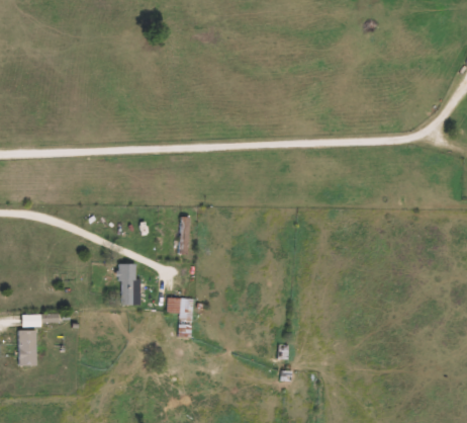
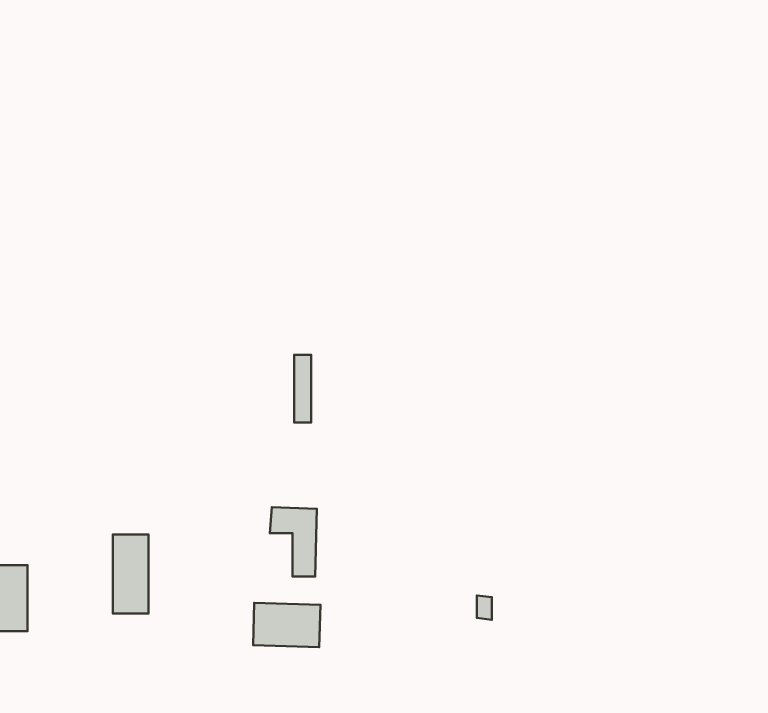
building: [120,262,139,305] -> [113,535,148,614]
building: none -> [253,603,320,647]

